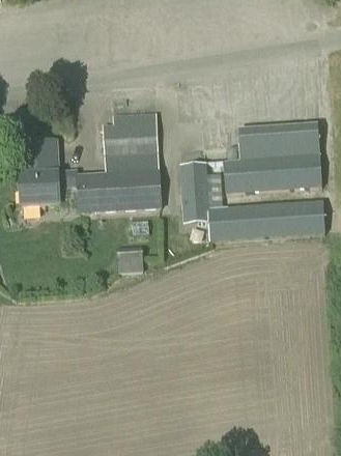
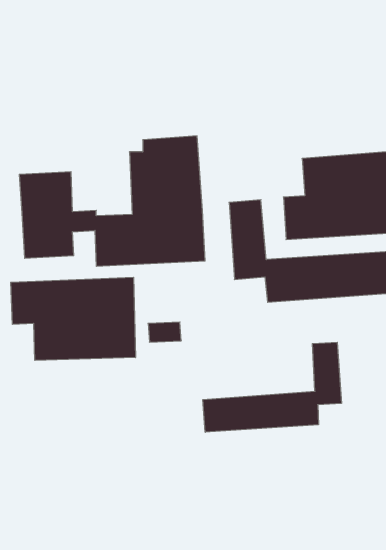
building: none -> [11,277,135,360]
building: none -> [203,342,341,432]

